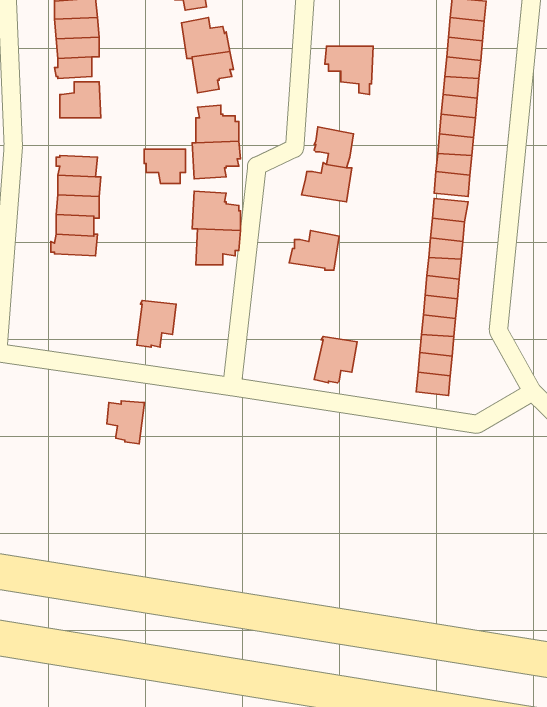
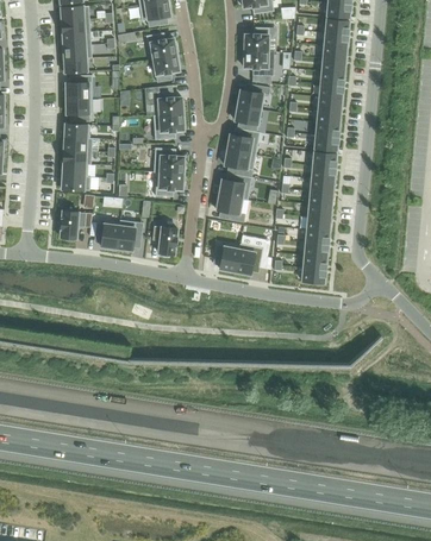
building: none -> [243,27,269,51]
building: none -> [237,84,270,109]
building: [144,149,185,183] -> [65,99,93,121]
building: none -> [225,150,256,177]
building: none -> [217,195,245,222]
building: none -> [61,212,86,241]
building: none -> [154,226,179,257]
building: none -> [214,244,241,272]
building: [107,401,145,444] -> [95,221,120,250]

